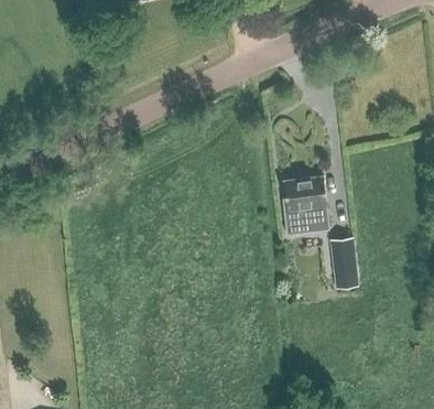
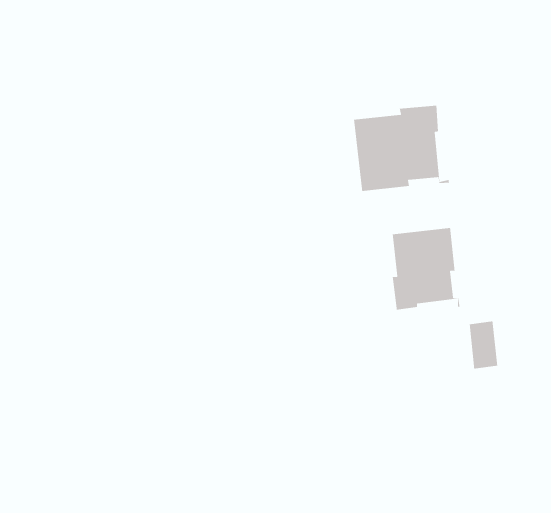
building: none -> [353,104,450,192]

